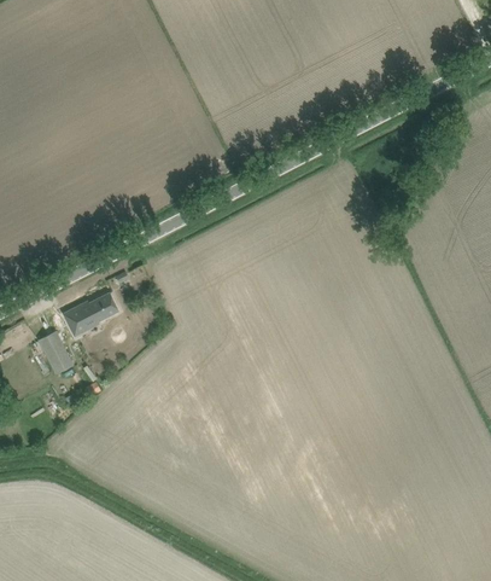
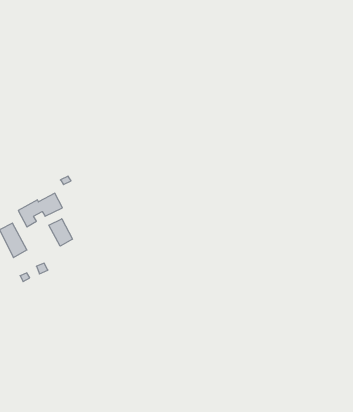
building: none -> [49,219,72,246]

